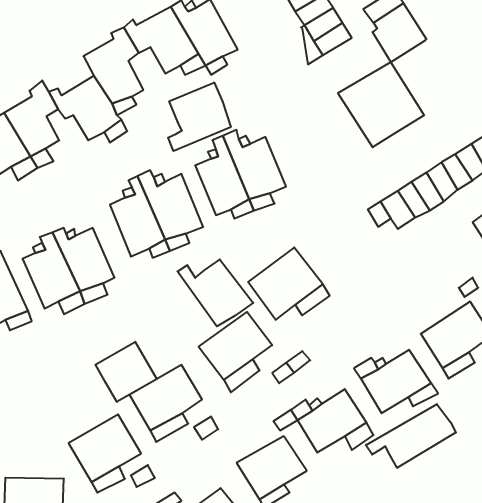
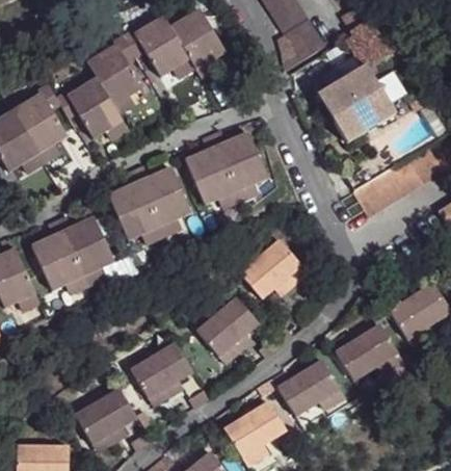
building: [168,82,231,151] -> none
building: [177,259,253,326] -> none
building: [95,342,157,402] -> none
building: [366,404,456,468] -> none

